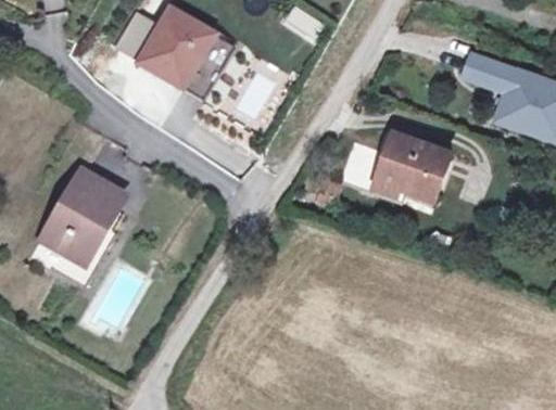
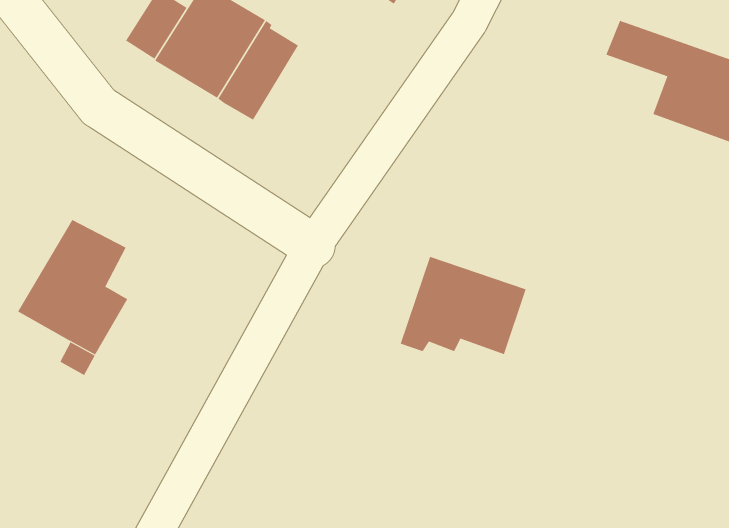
building: [356,126,444,194] -> [400,256,526,355]

